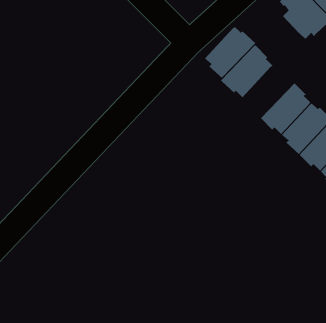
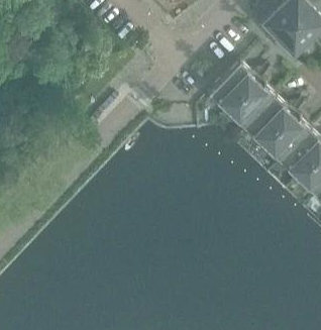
building: [204,26,256,79] -> [228,82,276,129]

